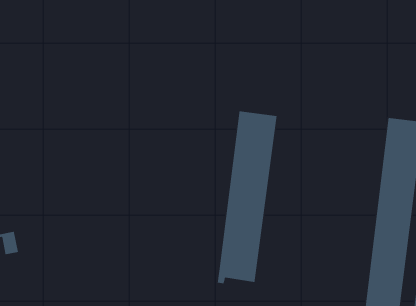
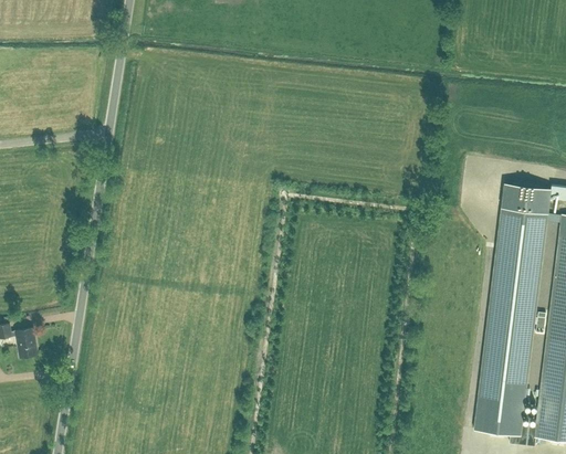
building: [217,111,277,284] -> none

